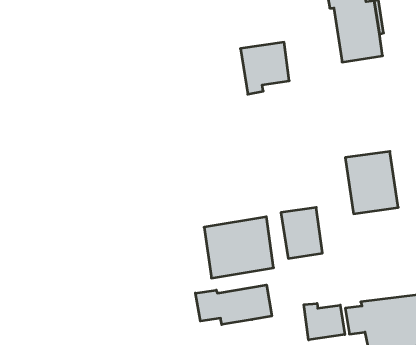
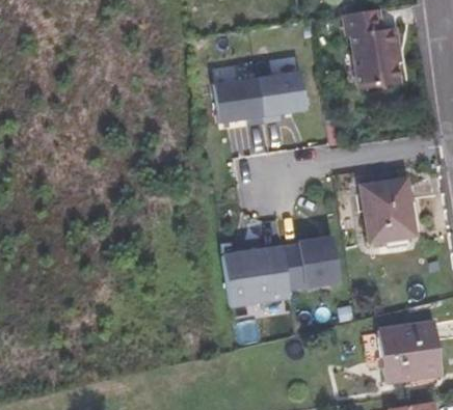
building: none -> [214,77,265,125]
building: [195,285,272,325] -> none
building: [304,303,345,340] -> none

